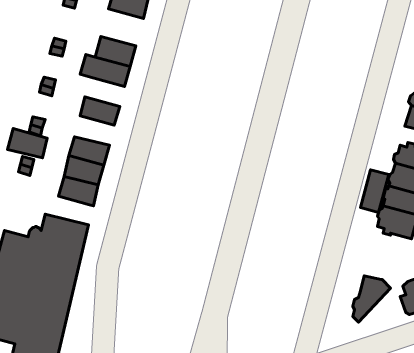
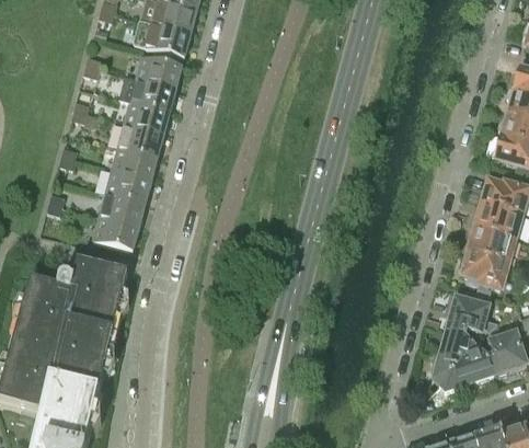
building: none -> [133,16,191,55]
building: none -> [123,99,169,133]
building: [7,129,47,158] -> [111,143,157,177]
building: [360,170,389,212] -> none
building: none -> [445,294,488,333]
building: none -> [439,343,494,388]

